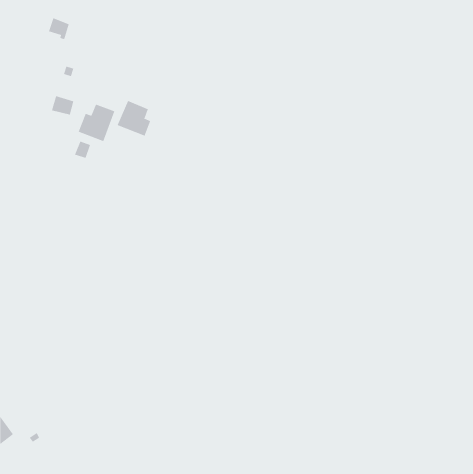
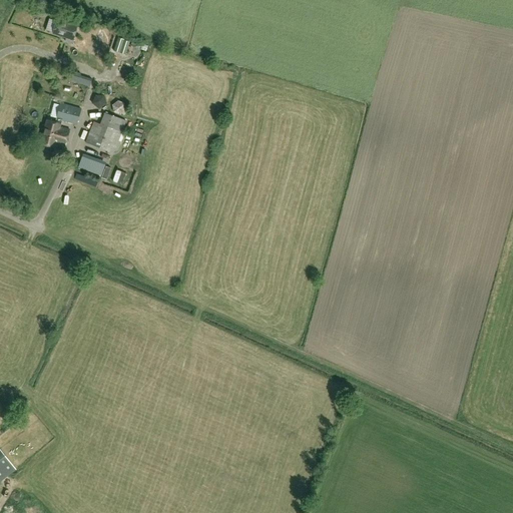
building: [117,100,151,137] -> none
building: none -> [39,120,69,148]

